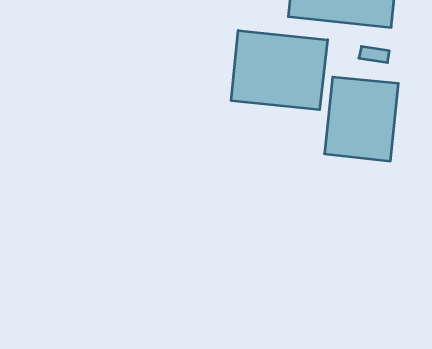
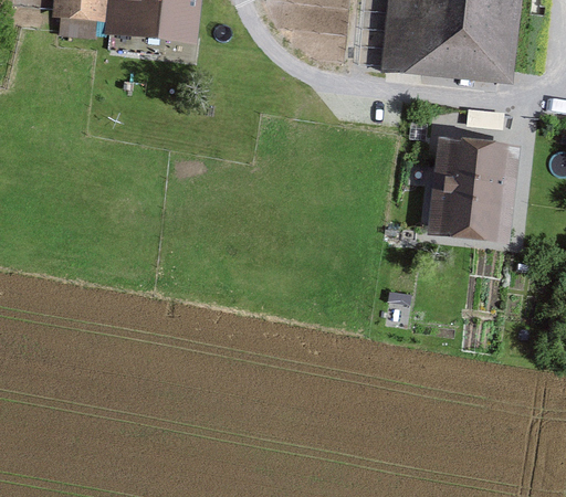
building: [231,30,328,110] -> none

